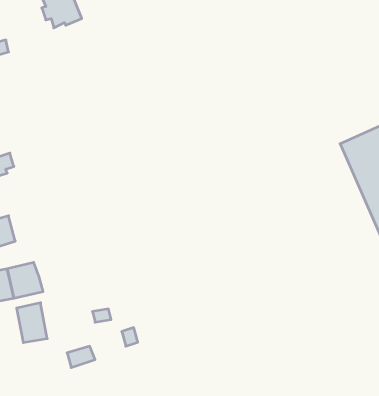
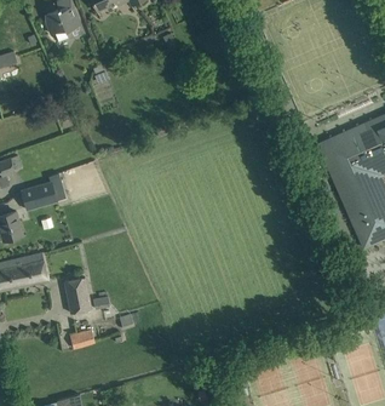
building: none -> [19,179,65,211]
building: [17,303,47,343] -> [63,278,91,314]

